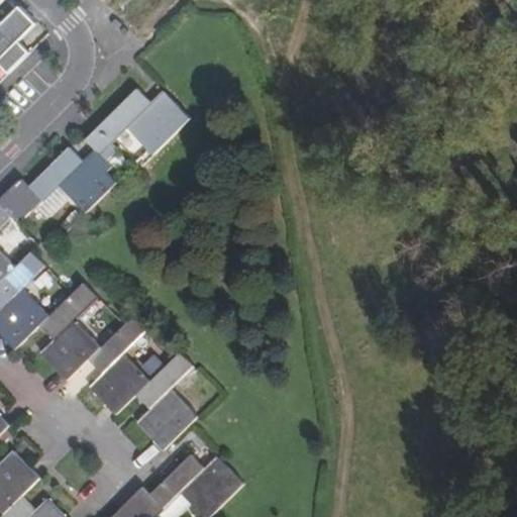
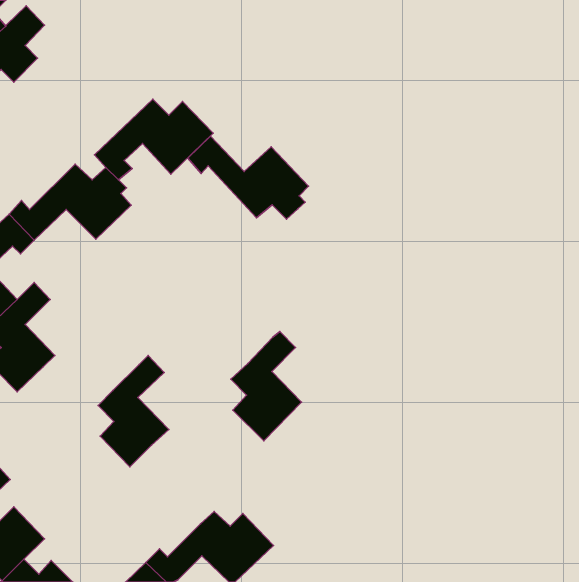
building: none -> [188,136,308,219]
building: [38,282,100,380] -> none
building: [134,352,197,449] -> [231,331,301,441]

